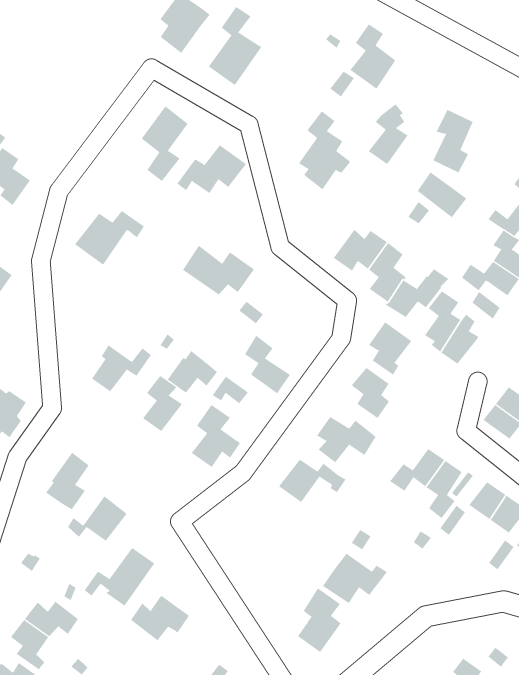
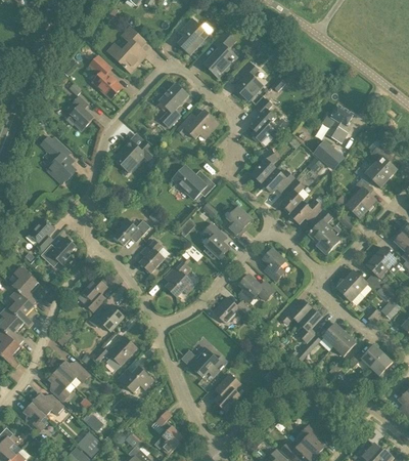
building: none -> [115,27,144,72]
building: [350,23,396,90] -> [233,61,261,100]
building: none -> [89,55,121,98]
building: [368,103,409,165] -> [251,149,275,183]
building: [368,322,412,375] -> [226,205,252,237]
building: [167,350,218,393] -> none
building: [322,553,388,604] -> [187,346,226,376]

